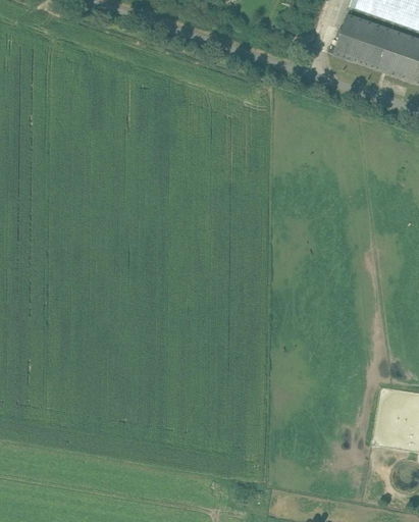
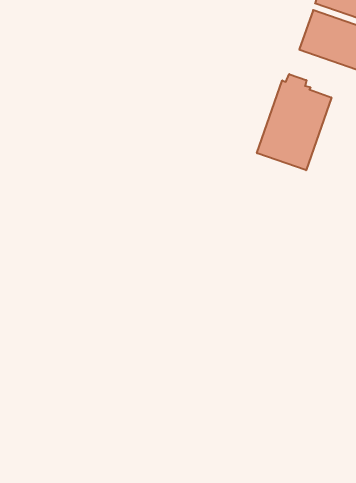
building: none -> [257,74,331,170]

